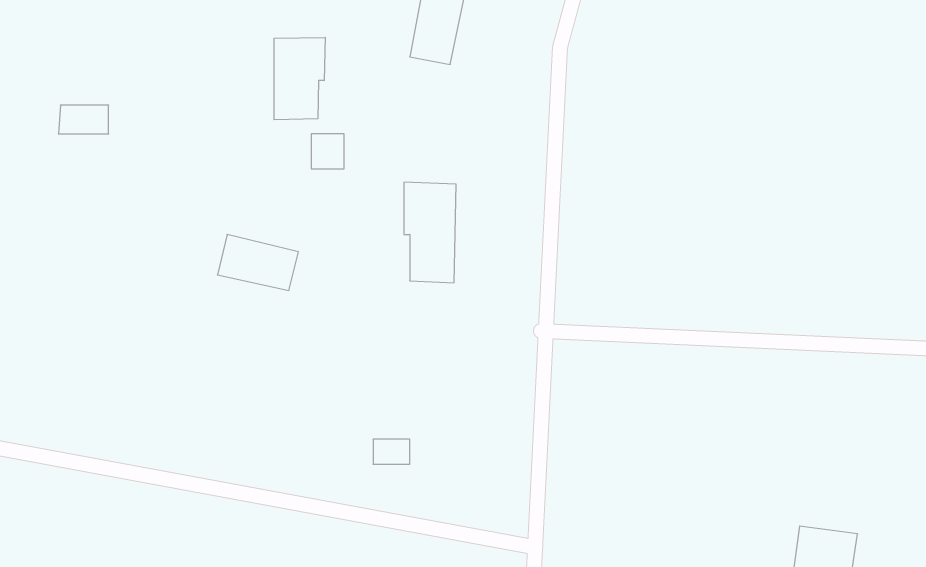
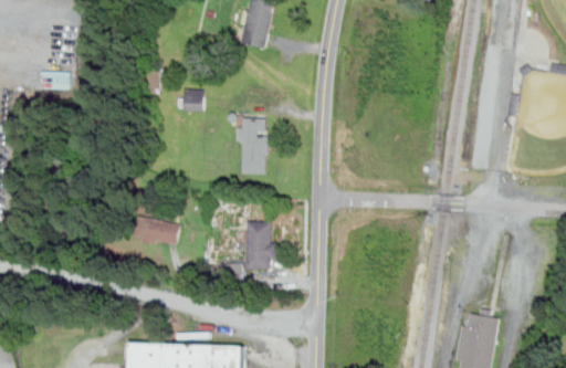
building: [274,37,325,120] -> none
building: [217,234,298,290] -> [133,214,179,246]
building: none -> [245,220,273,267]

